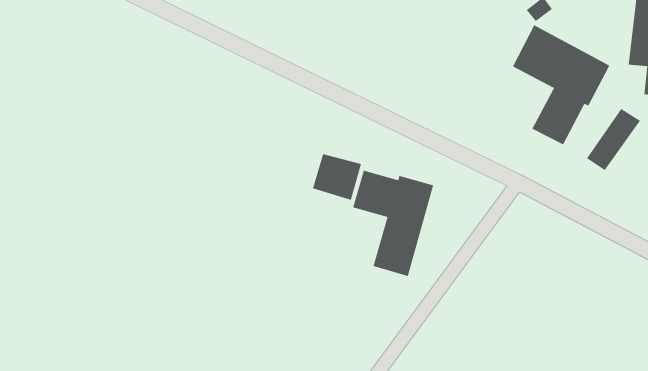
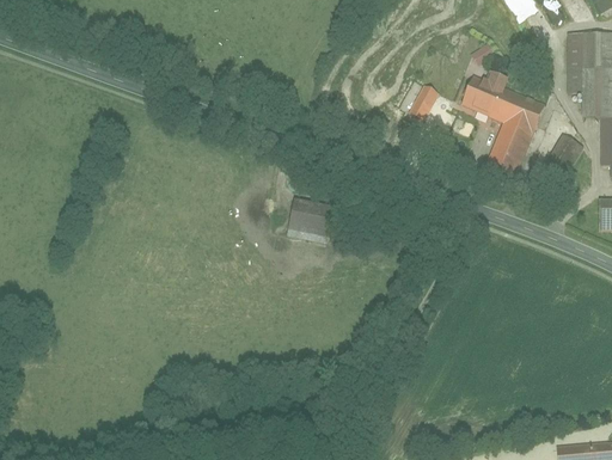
building: none -> [408,85,441,122]
building: [352,170,434,277] -> none

